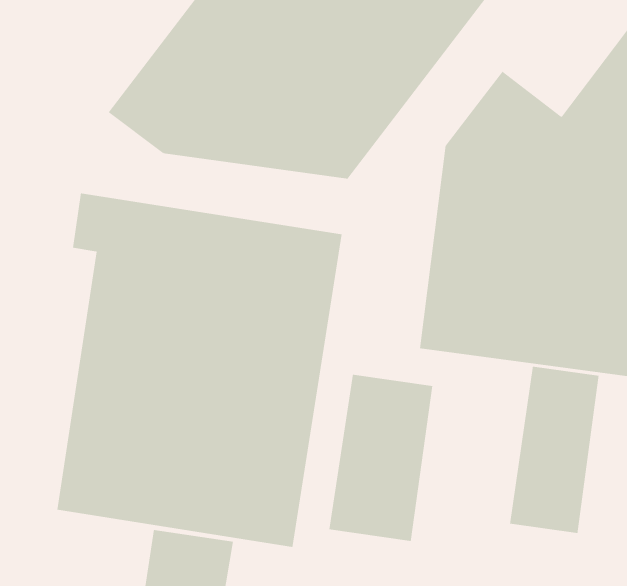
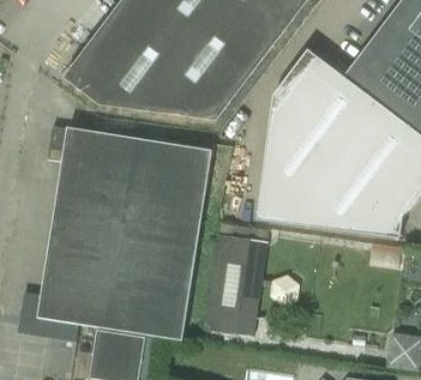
building: [509,366,599,534] -> none

